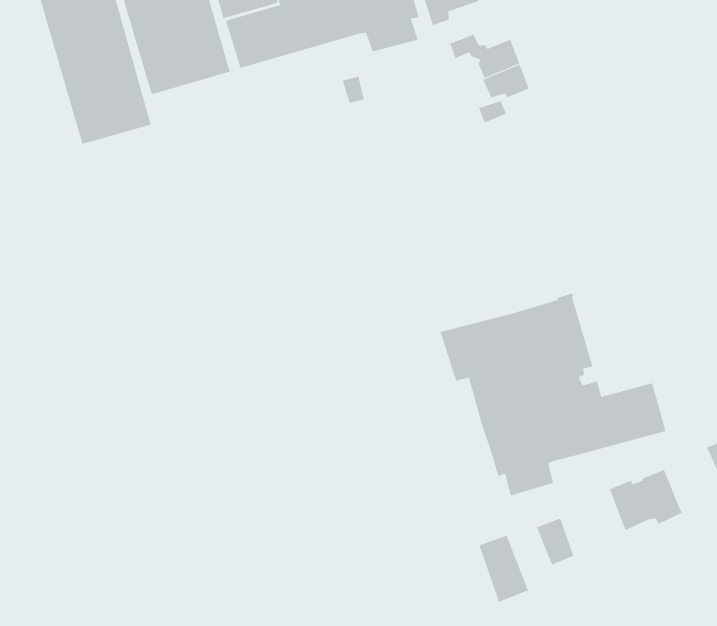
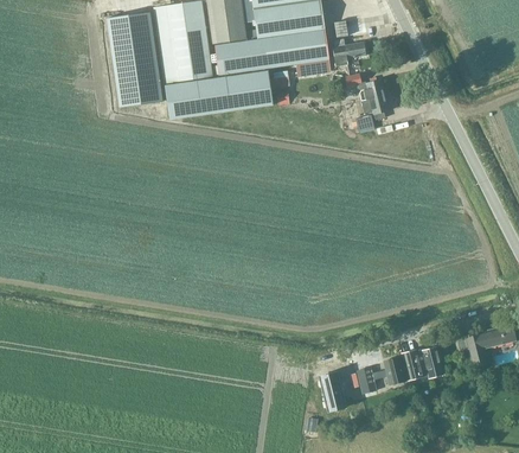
building: none -> [164,70,273,120]
building: [440,293,666,496] -> none
building: none -> [372,356,405,385]

